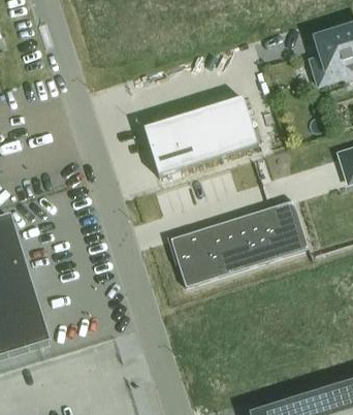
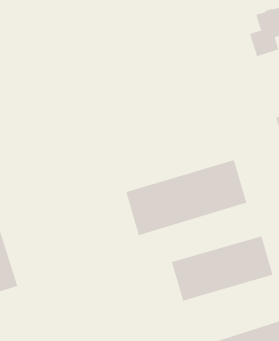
building: [143,96,257,174] -> none
building: none -> [171,236,273,302]

